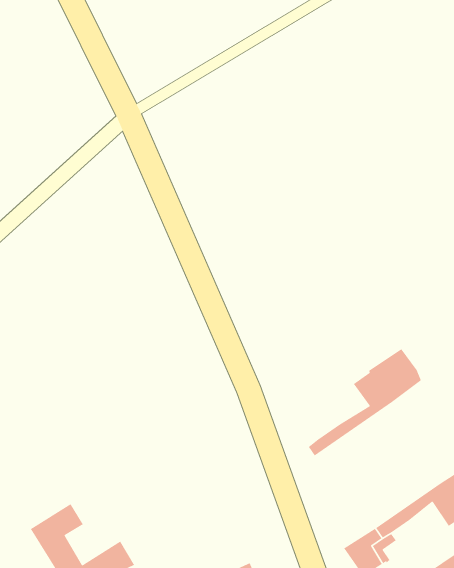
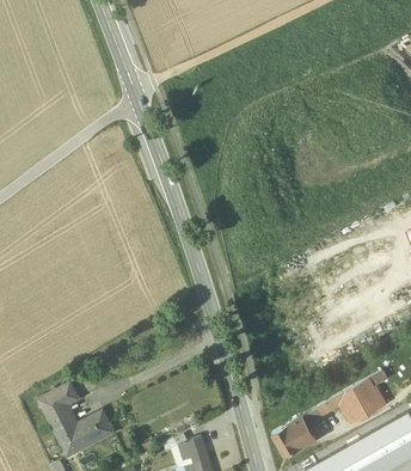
building: [308,348,422,456] -> none

